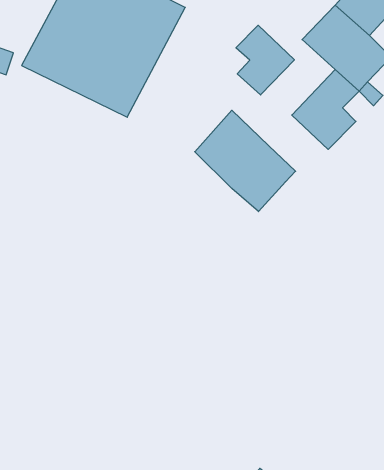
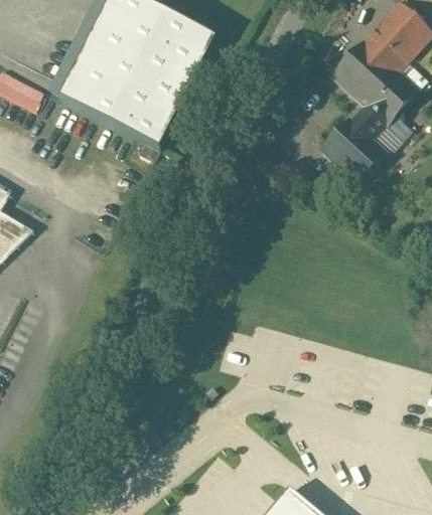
building: [236,25,294,95] -> none
building: [195,110,296,212] -> none

